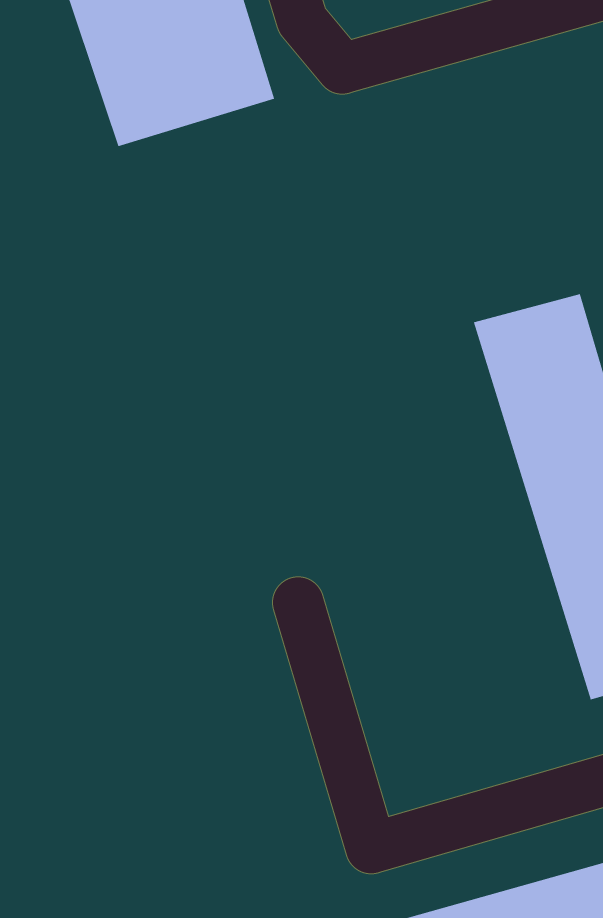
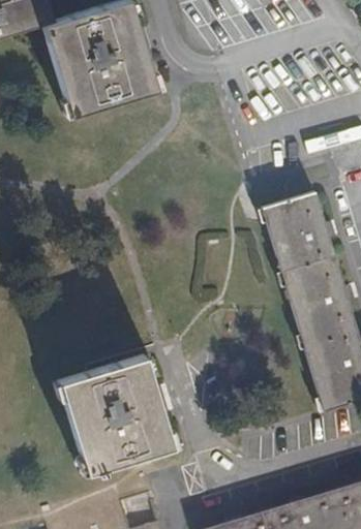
building: none -> [56,351,173,470]

